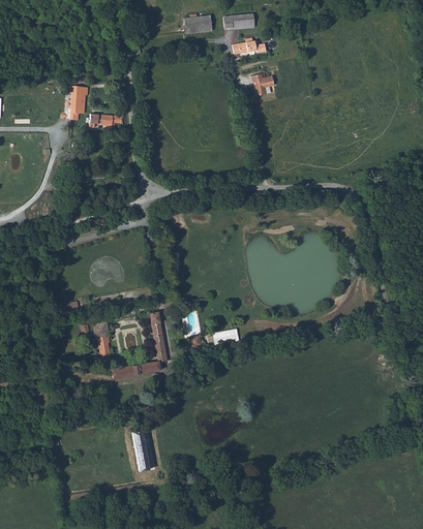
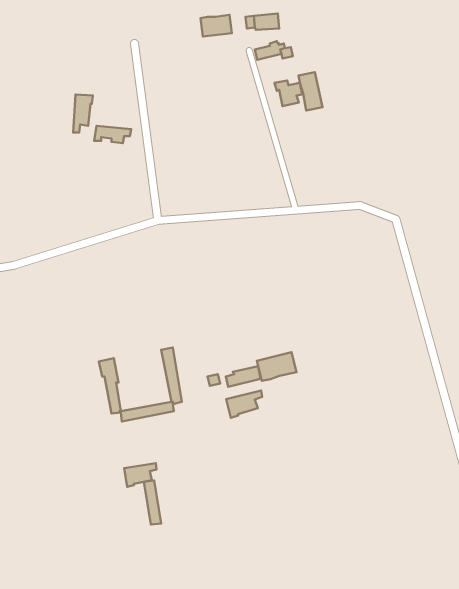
building: none -> [299,72,322,110]
building: none -> [257,352,297,381]
building: none -> [226,391,262,418]
building: none -> [124,463,157,487]

